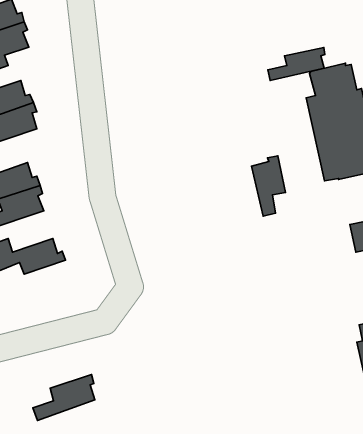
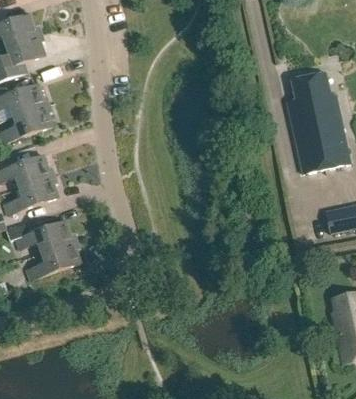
building: [268,47,325,81] -> none
building: [252,156,285,216] -> none
building: [33,374,95,421] -> [25,240,79,280]

